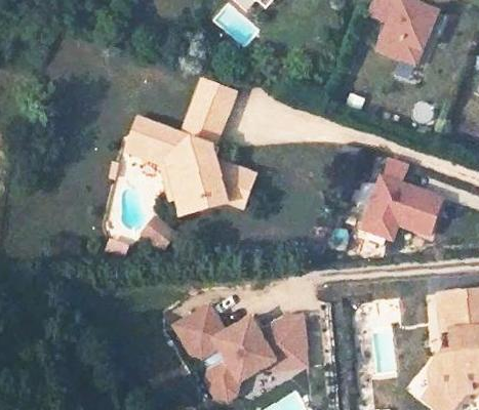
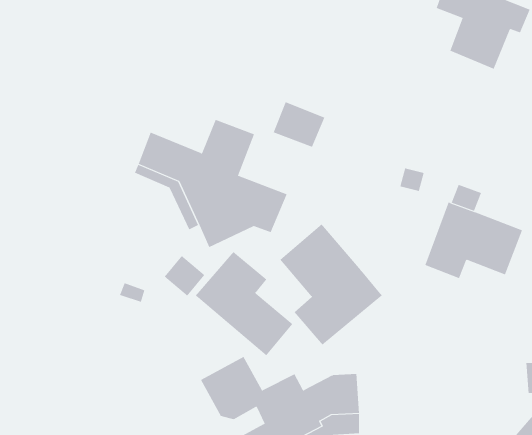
building: [188,82,231,120] -> [273,101,325,148]
building: none -> [280,224,383,345]
building: none -> [195,251,293,356]

